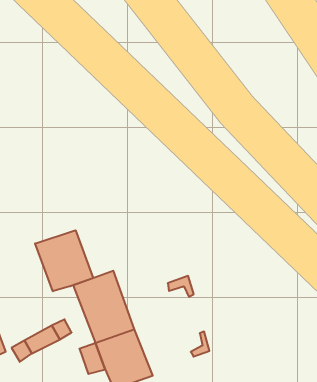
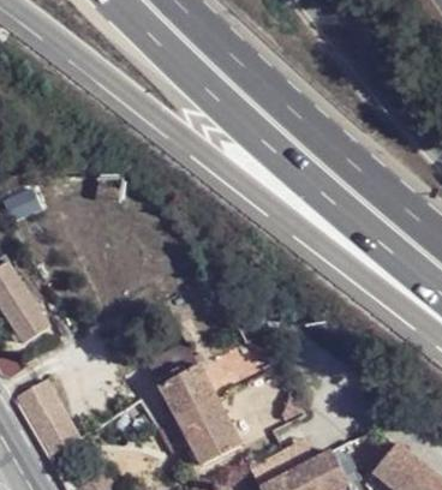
building: [35,230,93,291] -> none

